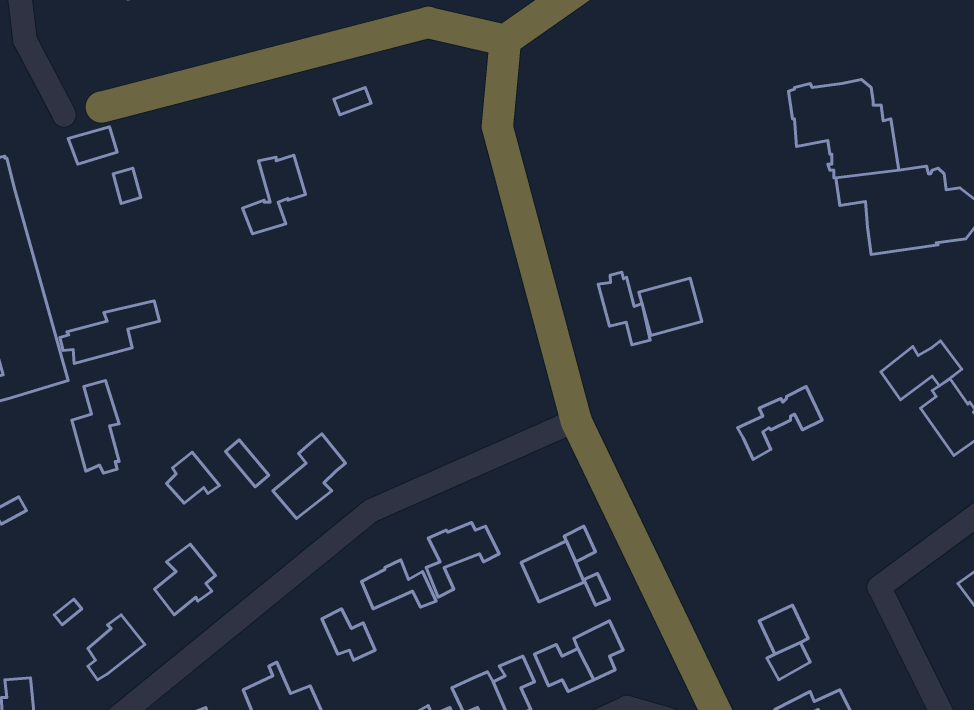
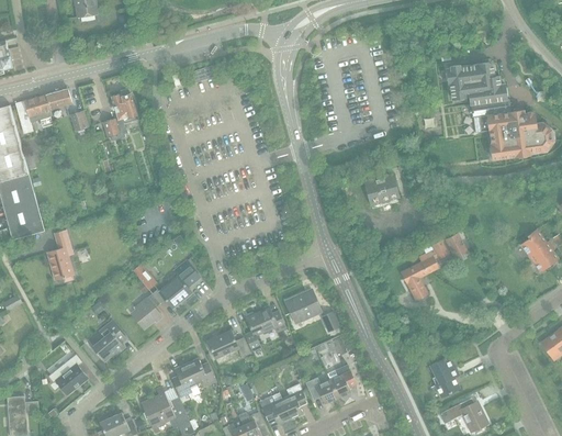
building: none -> [13,94,50,133]
building: [243,155,306,234] -> [101,92,136,136]
building: [598,272,650,345] -> none
building: [60,301,159,363] -> none
building: [881,341,962,400] -> none
building: none -> [400,261,426,299]
building: [166,452,220,503] -> [132,298,161,326]
building: [521,541,584,602] -> [284,288,319,322]
building: none -> [172,362,196,396]

